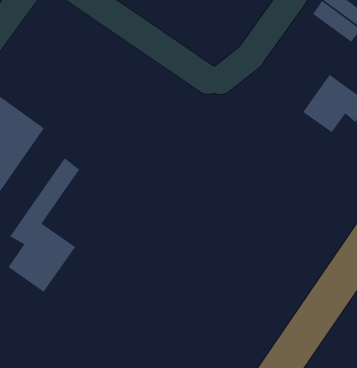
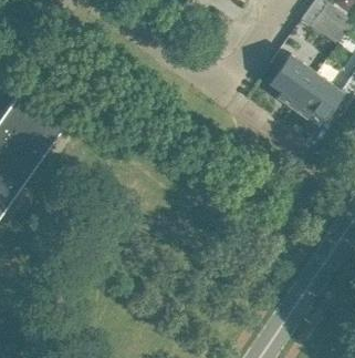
building: none -> [270,55,316,108]
building: [8,157,80,293] -> none

